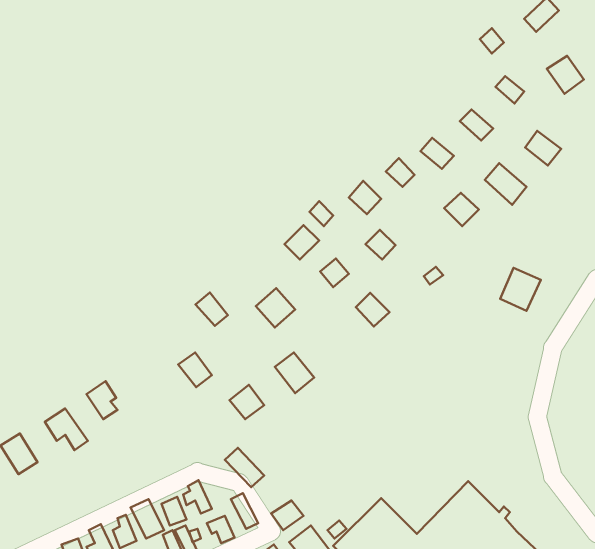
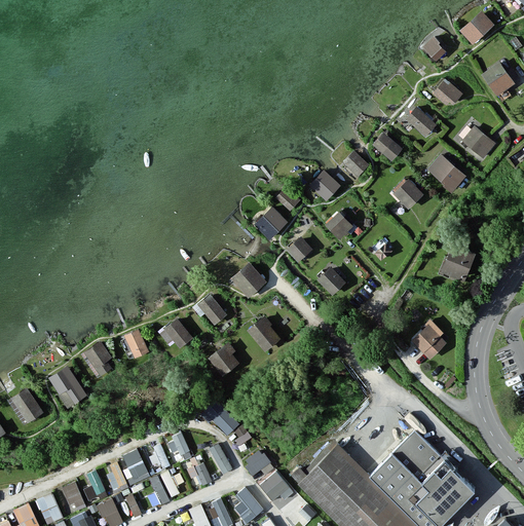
building: [196,293,228,326] -> [197,296,225,325]
building: none -> [411,327,444,361]
building: none -> [123,330,148,360]

